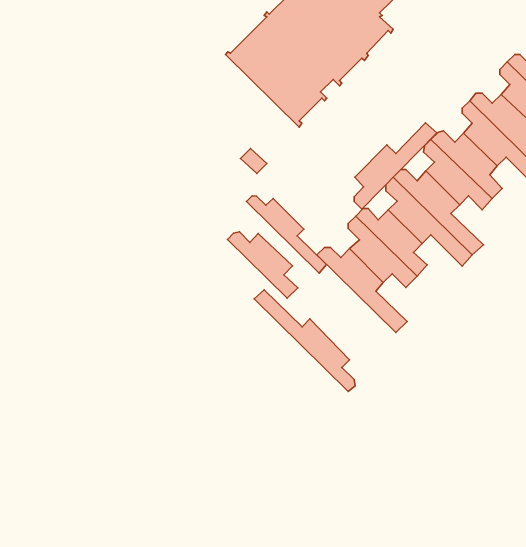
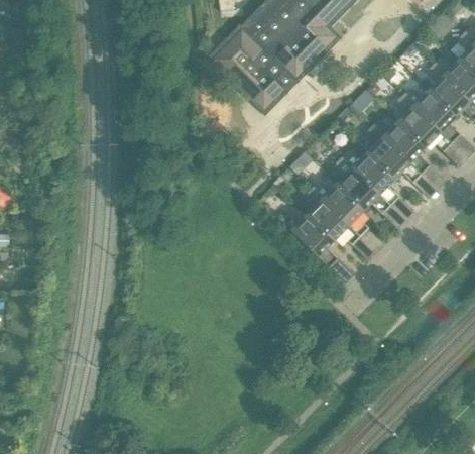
building: [354,123,437,209] -> none
building: [247,196,326,273] -> none
building: [227,232,298,298] -> none
building: [254,290,355,392] -> none

